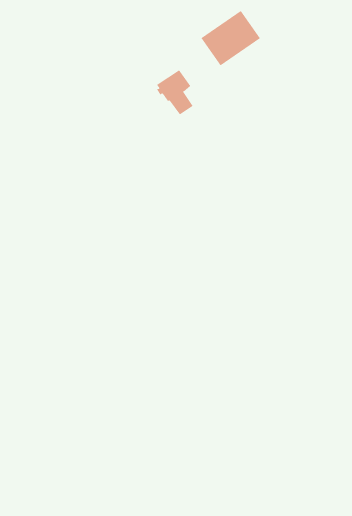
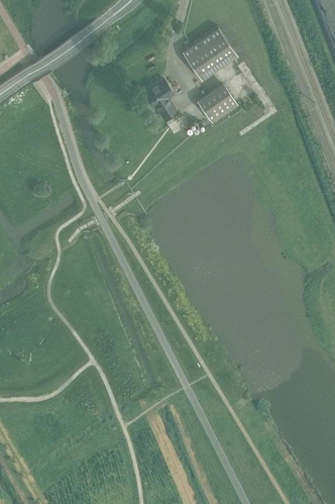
building: none -> [199,85,237,120]

